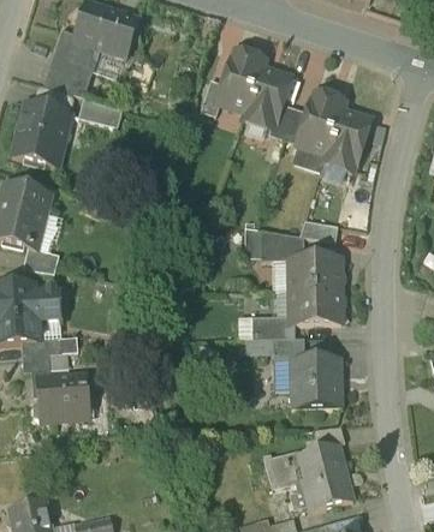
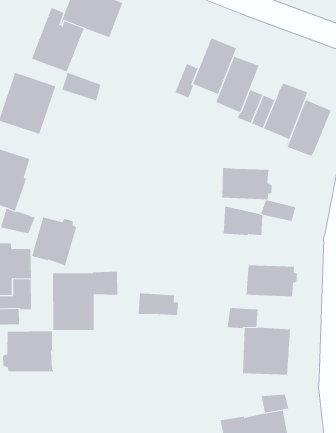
building: none -> [31,217,77,267]
building: [290,257,345,291] -> [221,168,273,200]
building: none -> [52,271,118,331]
building: [252,316,296,339] -> [138,293,179,316]

